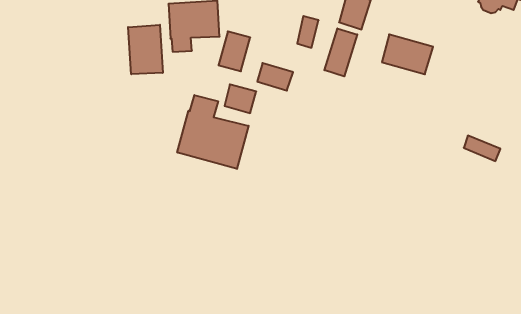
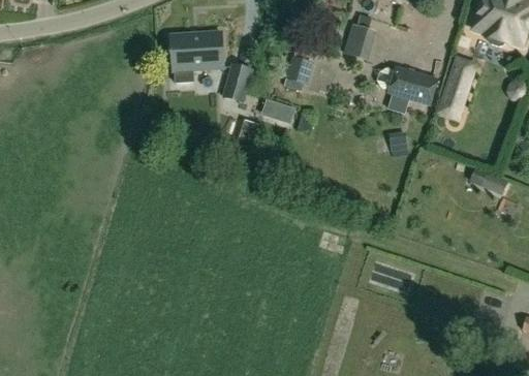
building: [128,25,163,74] -> none
building: none -> [443,60,474,107]
building: [324,28,357,76] -> none
building: [177,95,249,169] -> none

